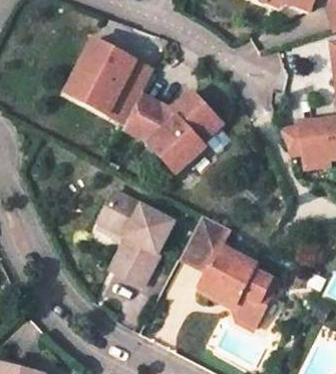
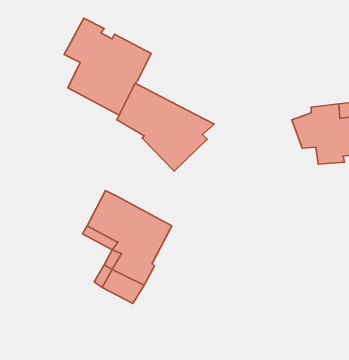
building: [141,92,222,133] -> none
building: [177,215,274,327] -> none

